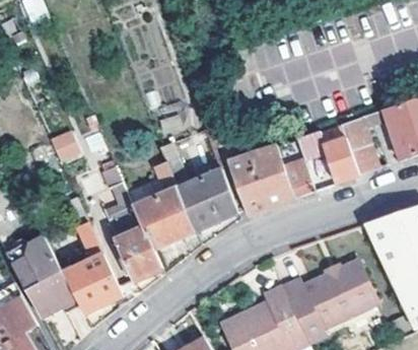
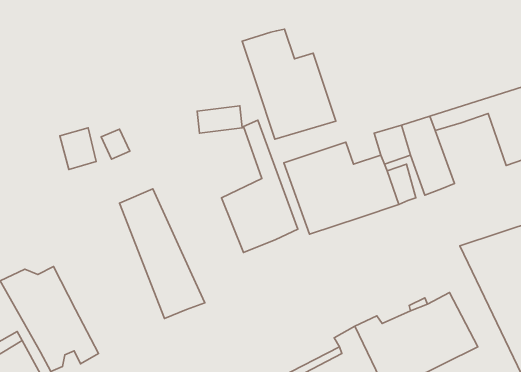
building: none -> [242,29,336,139]
building: [344,127,378,174] -> none
building: [123,144,194,246] -> none
building: [61,195,123,312] -> none

